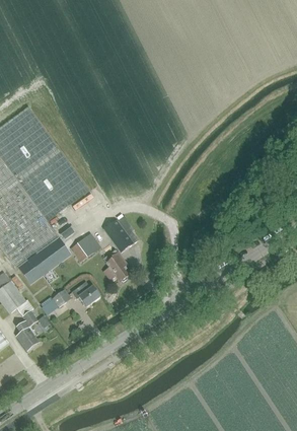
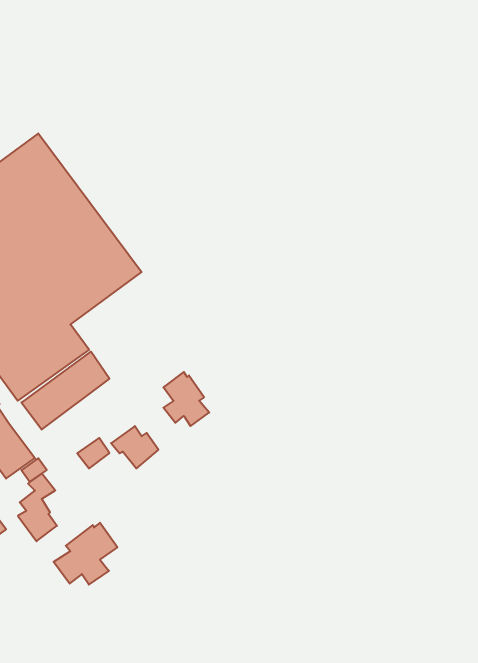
building: [103,220,137,253] -> none
building: [70,233,99,262] -> none
building: none -> [54,523,117,585]

